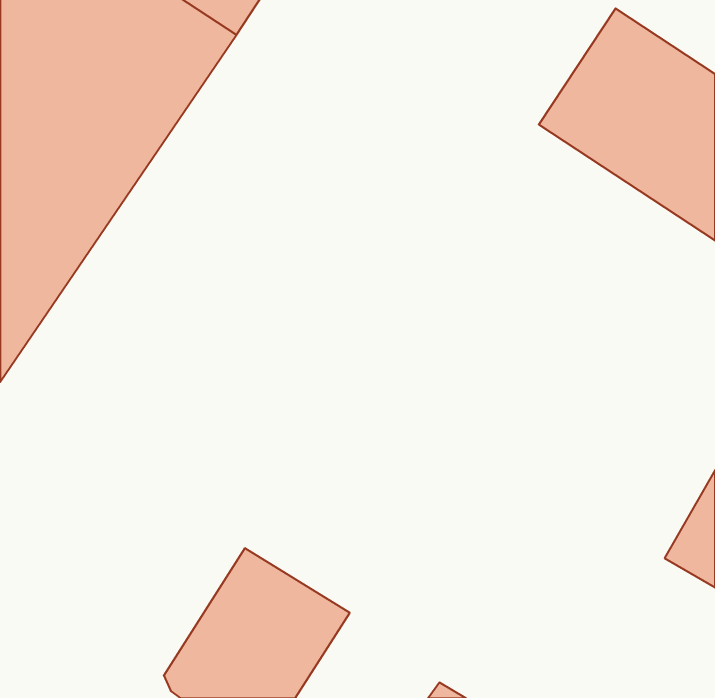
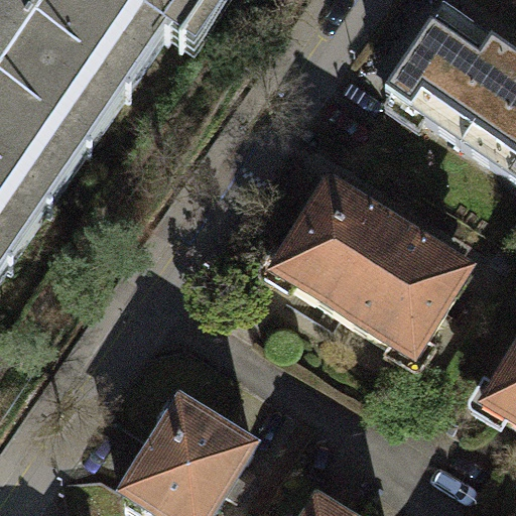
building: none -> [269,178,465,354]

